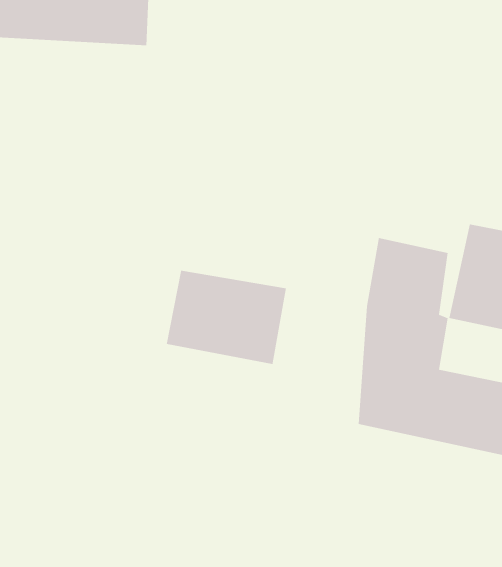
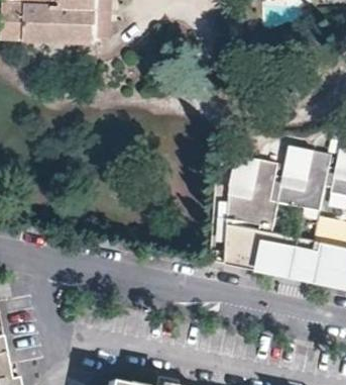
building: [166,270,286,365] -> none

